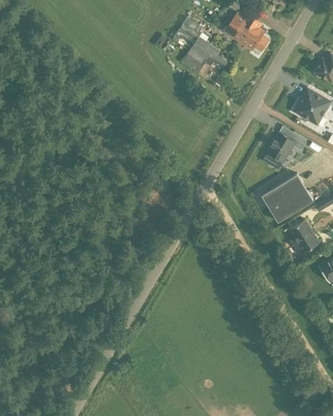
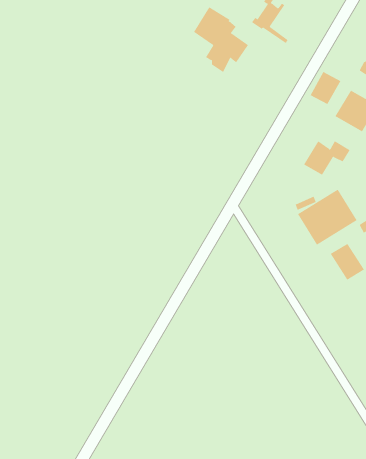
building: [239,18,269,52] -> none
building: none -> [310,71,341,105]

